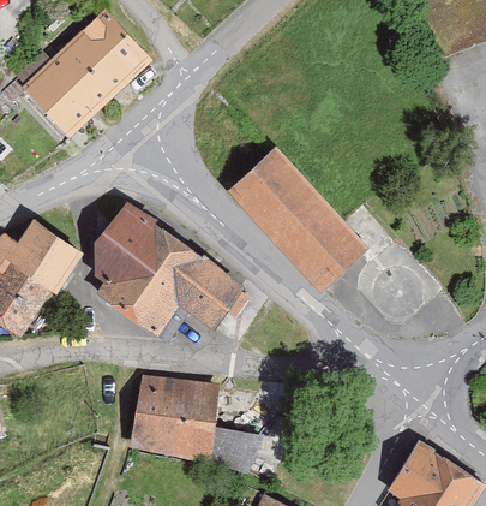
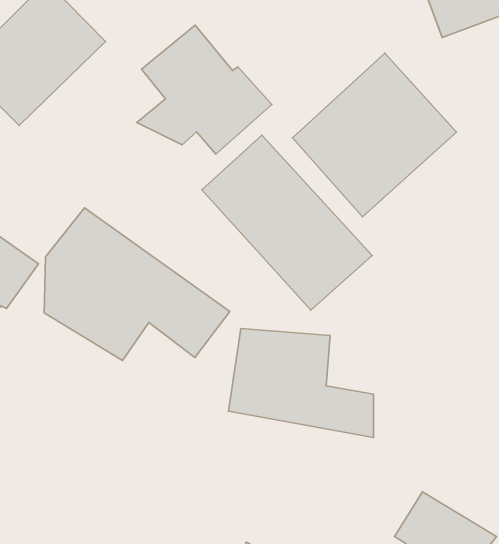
building: none -> [137,25,272,154]
building: none -> [292,53,456,217]
building: [131,375,256,469] -> [228,329,374,438]

